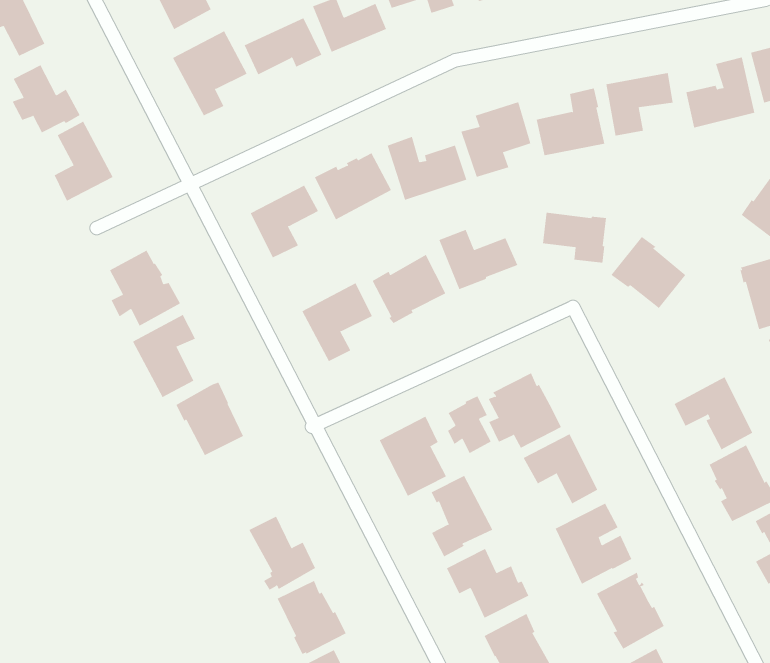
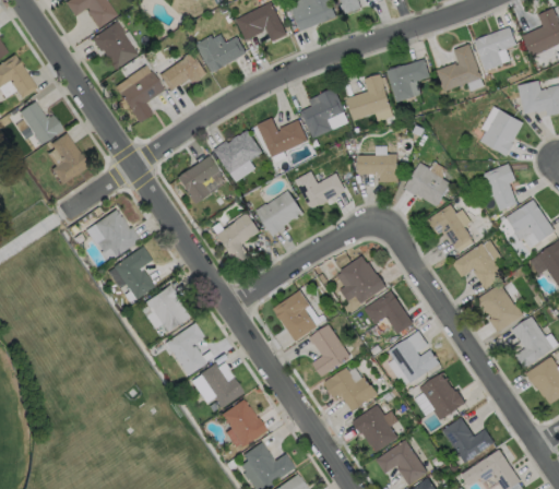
building: none -> [428,205,473,249]
building: [447,395,491,454] -> none
building: none -> [165,322,205,375]

